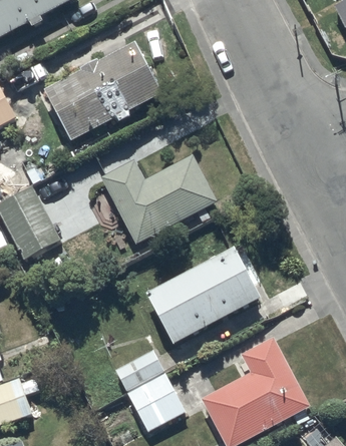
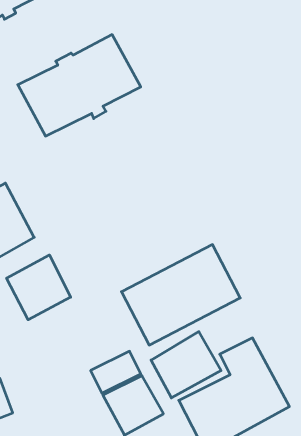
building: [102,154,217,245] -> none
building: none -> [7,255,71,320]
building: none -> [151,332,221,398]

